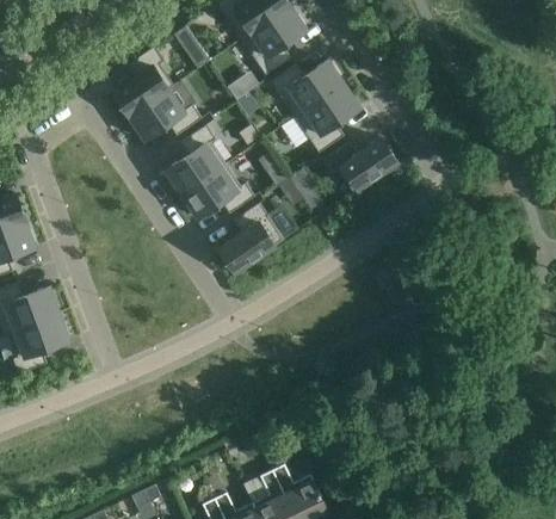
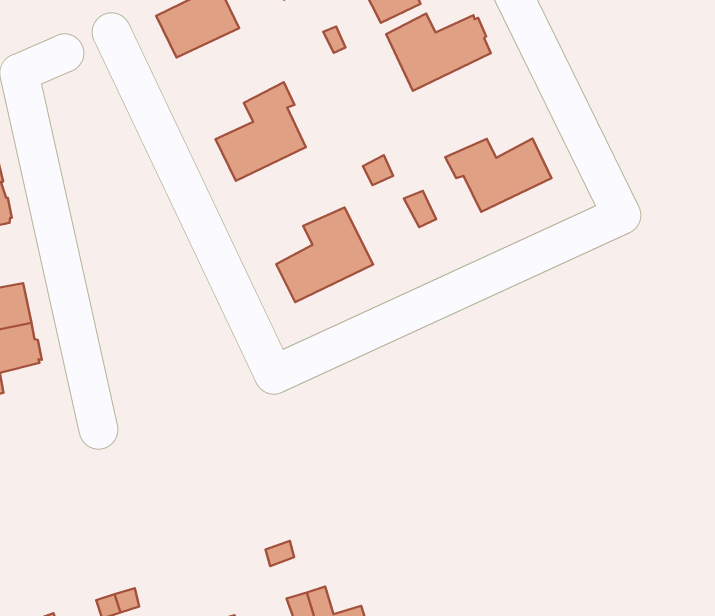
building: [295,85,360,153] -> none
building: [131,93,203,140] -> none
building: [184,167,255,218] -> none

